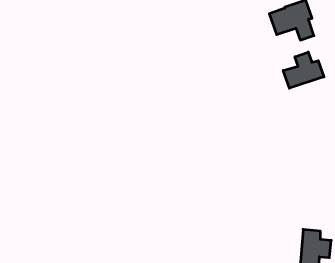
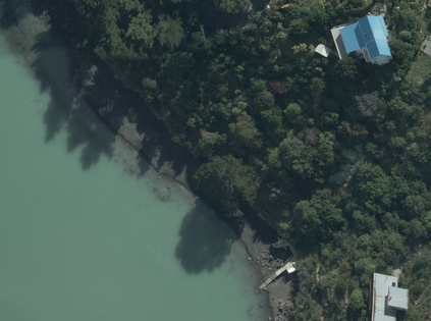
building: [283,52,324,88] -> none

